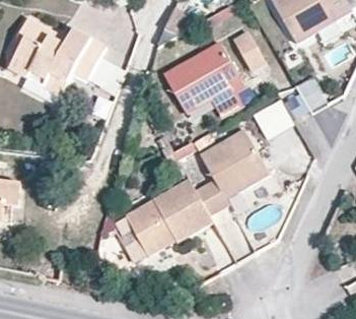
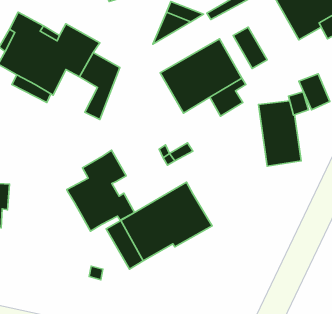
building: [194,128,268,215] -> none
building: none -> [67,150,134,231]

